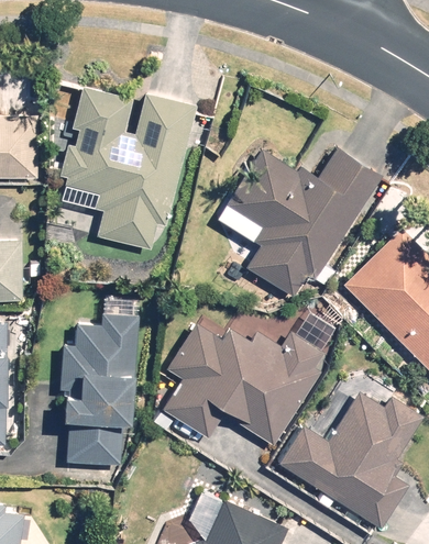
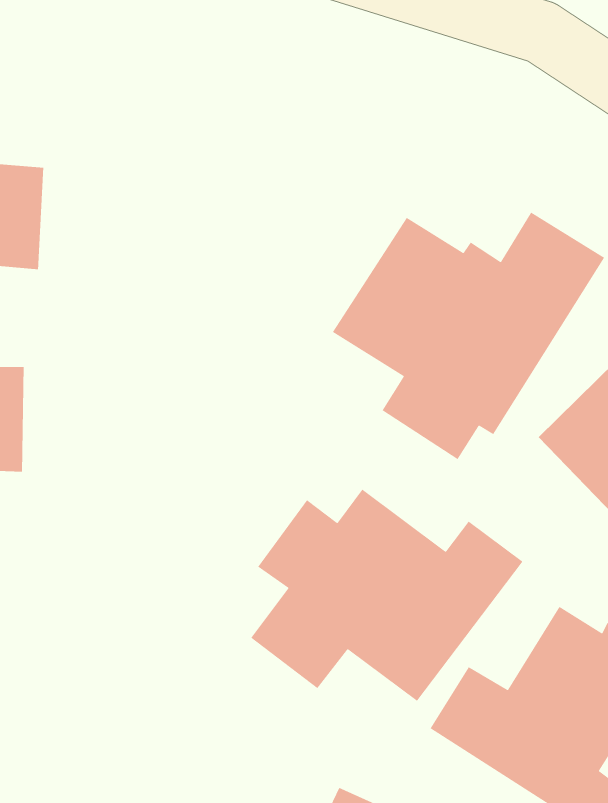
building: [58,84,197,252] -> none
building: [59,312,138,466] -> none

